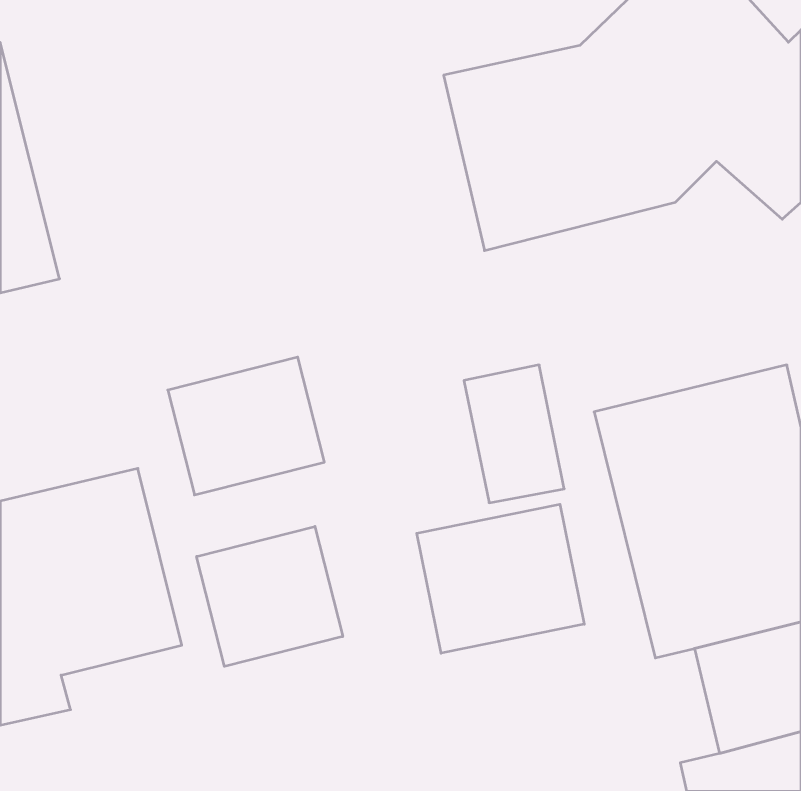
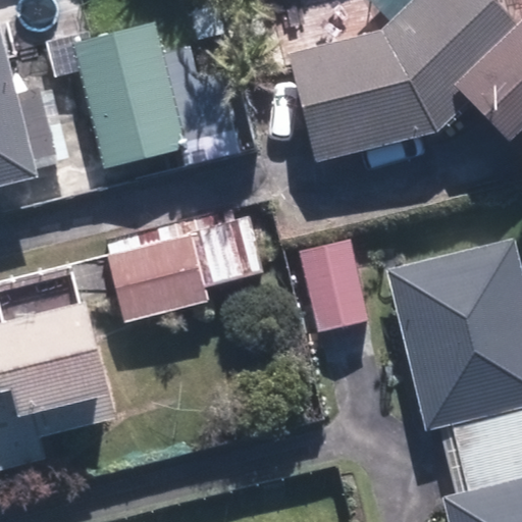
building: none -> [72,21,188,168]
building: [417,504,584,653] -> none
building: [197,526,343,666] -> none

